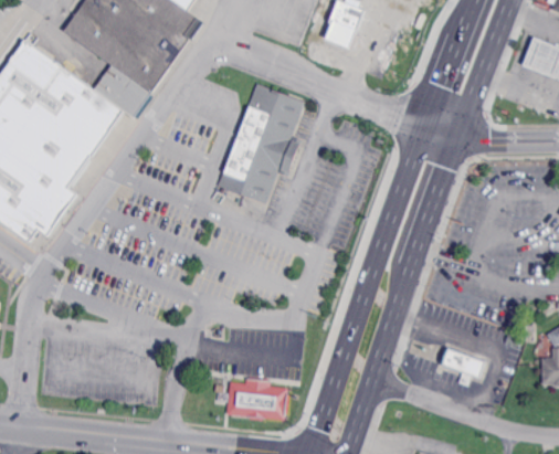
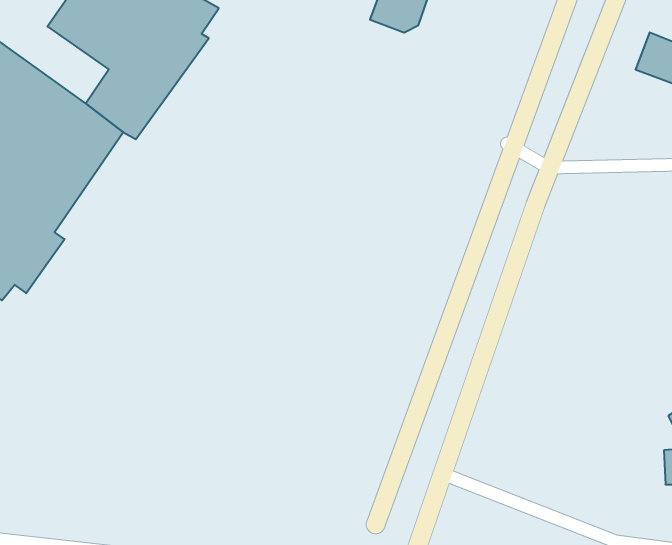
building: [215,84,303,204] -> none
building: [443,349,485,379] -> none
building: [225,379,286,419] -> none

